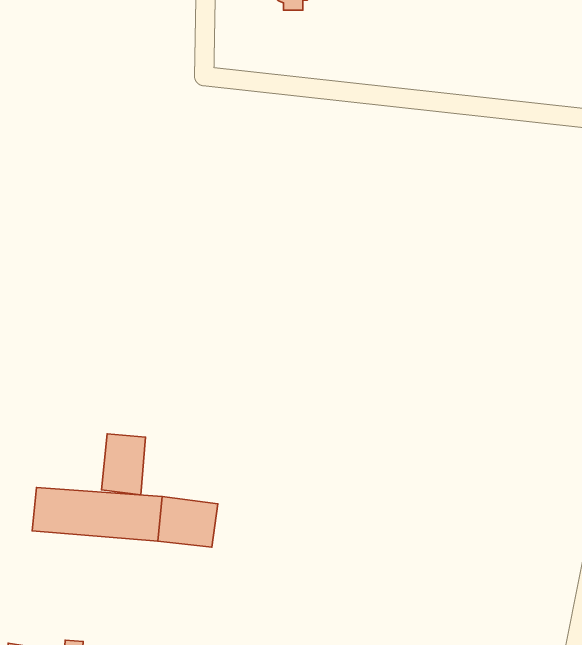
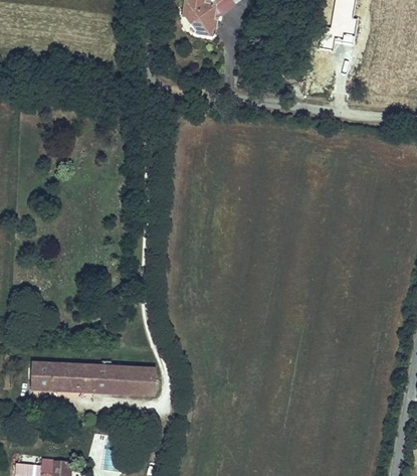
building: [101,434,146,495] -> none

